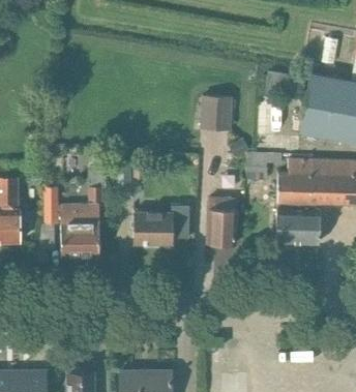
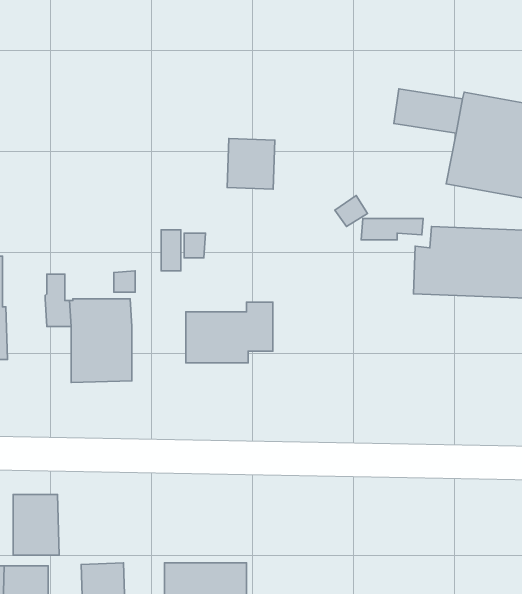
building: [200,98,230,130] -> [227,138,275,189]
building: [206,199,237,246] -> none
building: [275,209,321,244] -> none
building: none -> [13,495,59,555]

